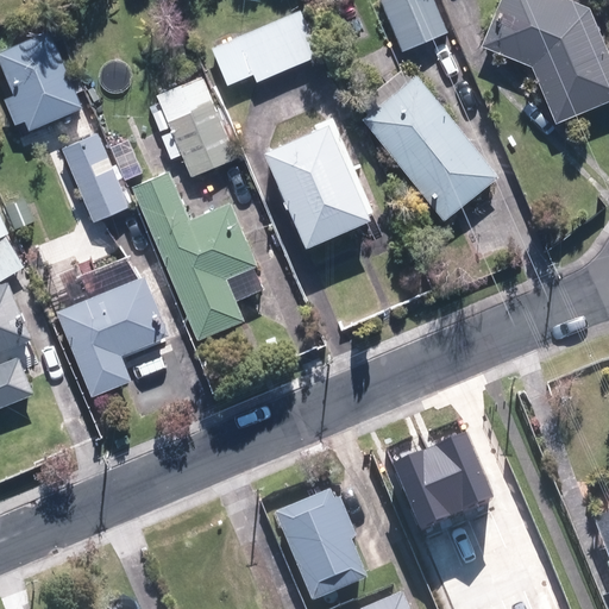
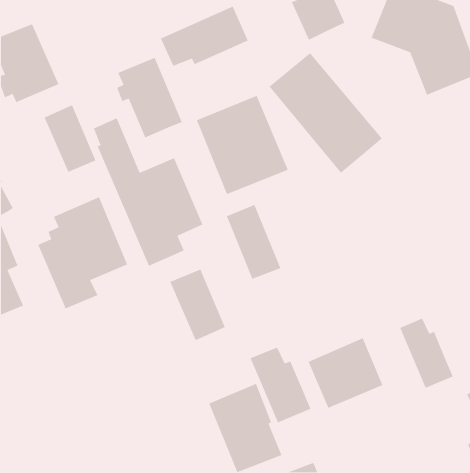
building: none -> [226,204,281,280]
building: none -> [169,269,226,341]
building: none -> [399,318,454,389]
building: none -> [250,346,312,424]

